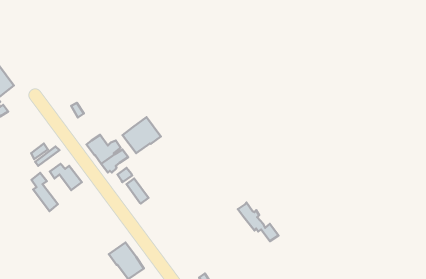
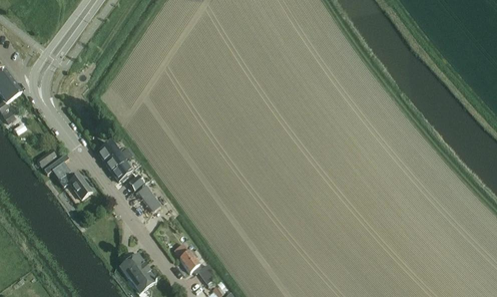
building: [123,117,161,153] -> none
building: [32,173,58,211] -> none
building: [238,202,279,241] -> [172,242,214,282]

